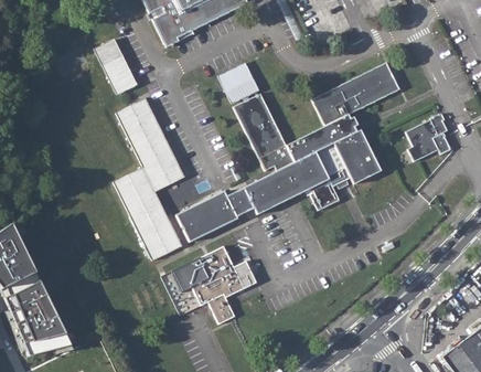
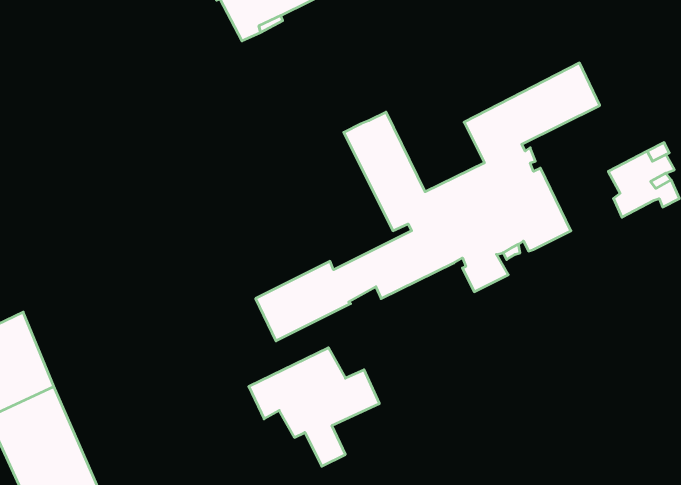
building: [95,39,136,94] -> none
building: [218,63,258,103] -> none
building: [113,98,184,262] -> none

